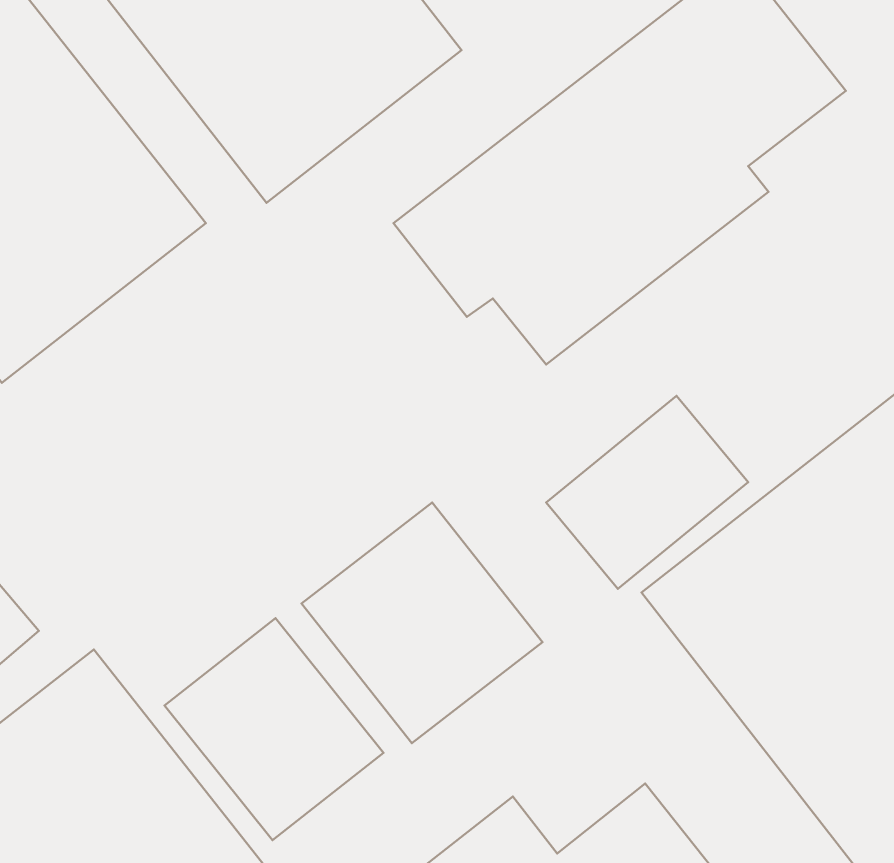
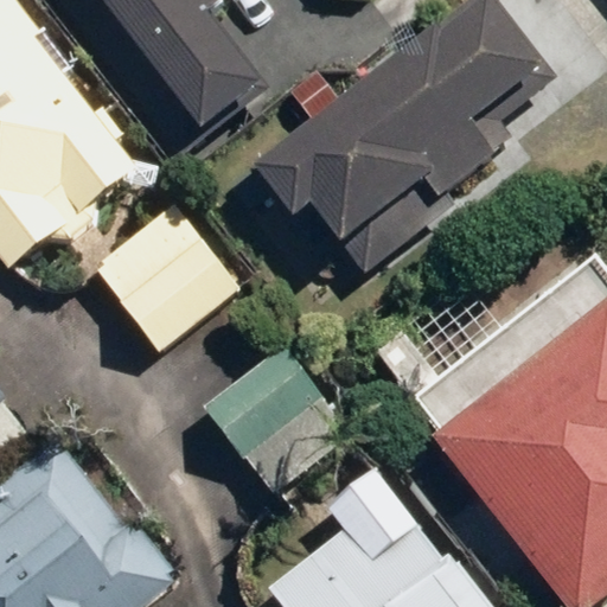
building: none -> [91,209,235,354]
building: [165,618,384,840] -> none

